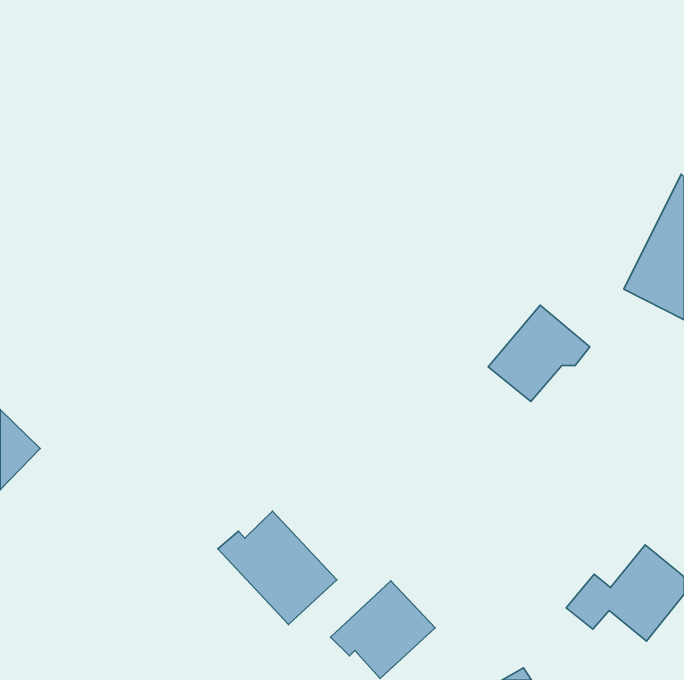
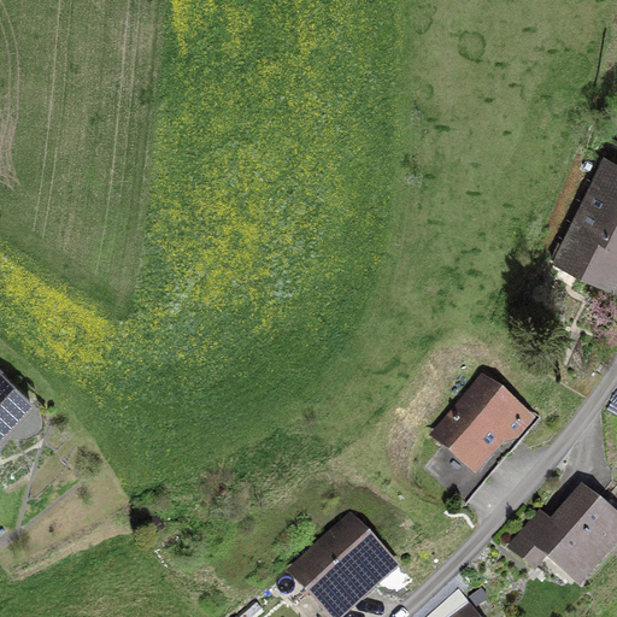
building: [488,305,590,402] -> [434,380,525,466]
building: [218,511,337,624] -> none

